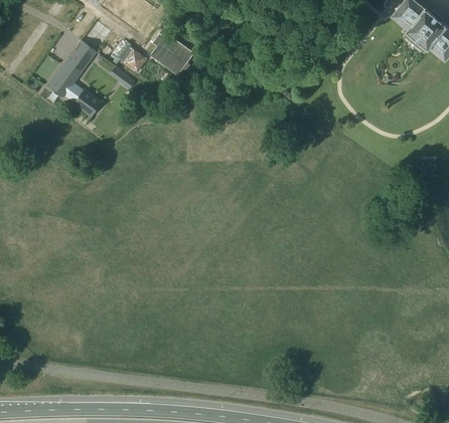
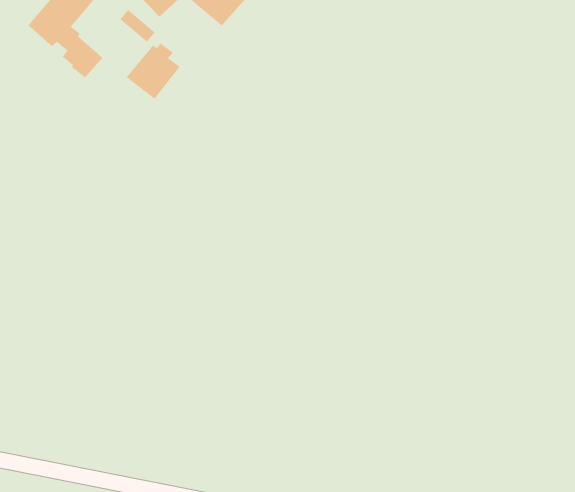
building: none -> [126,43,181,99]

